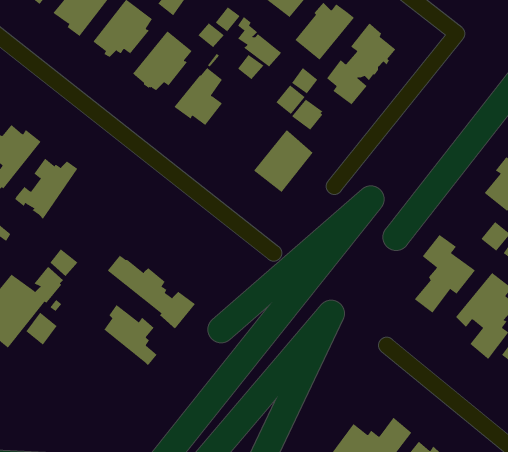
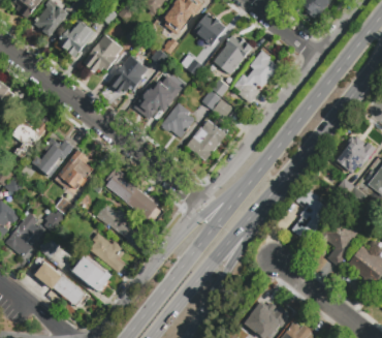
building: none -> [161,101,195,136]
building: none -> [55,149,93,190]
building: none -> [105,168,158,218]
building: none -> [72,250,112,290]
building: none -> [34,260,90,305]

